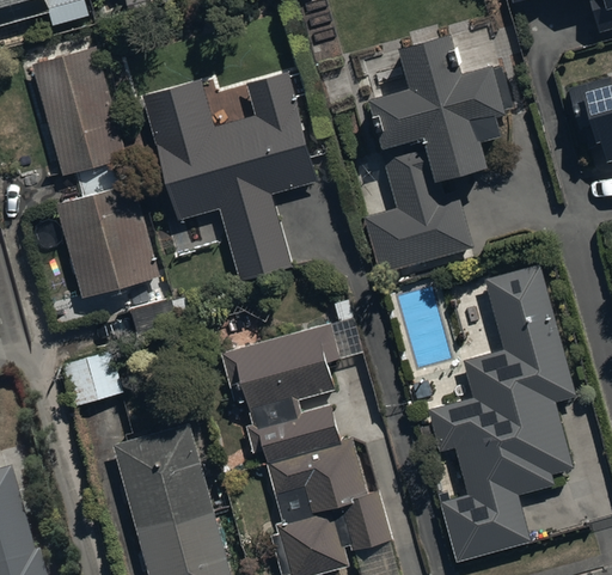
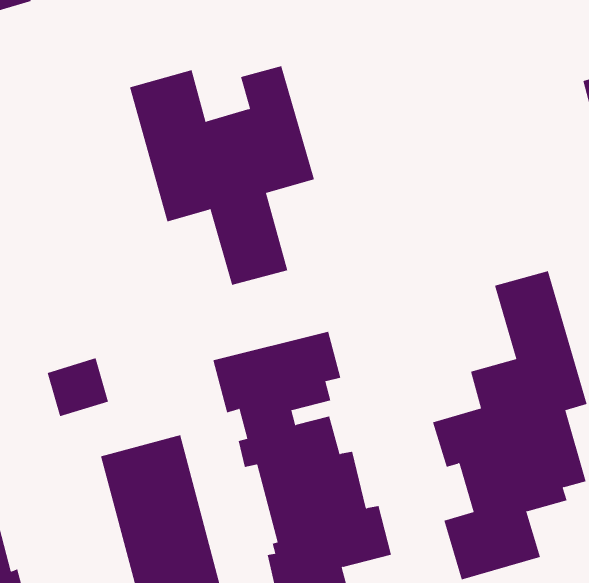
building: [361,35,506,274] -> none
building: [30,36,124,165] -> none
building: [57,183,160,295] -> none

